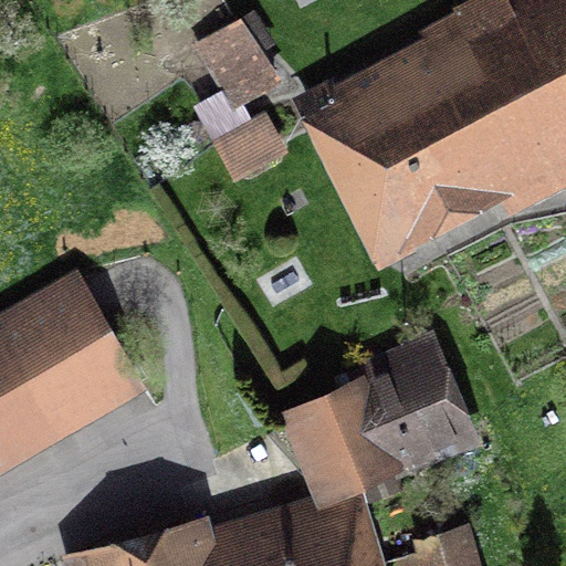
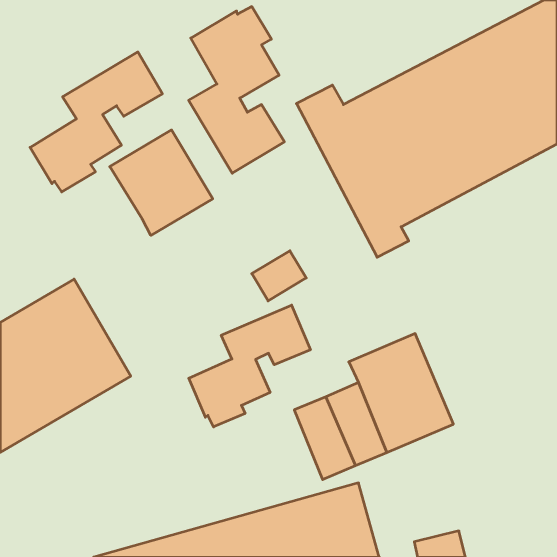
building: none -> [30,52,162,192]
building: none -> [110,130,213,235]
building: none -> [189,305,310,427]

